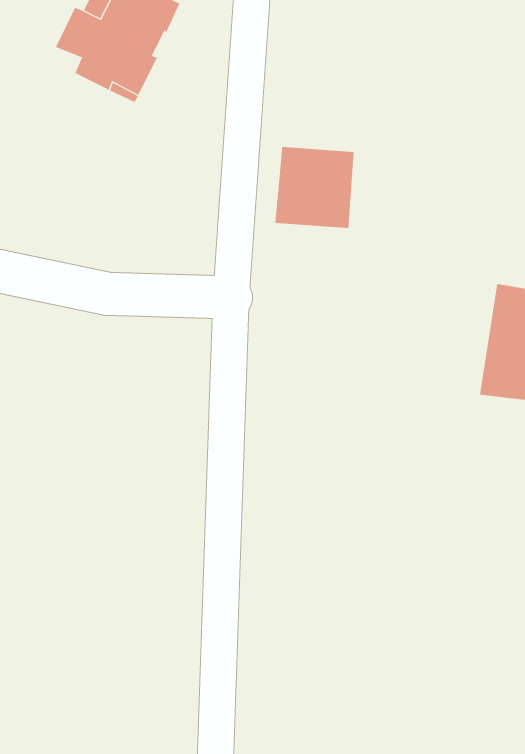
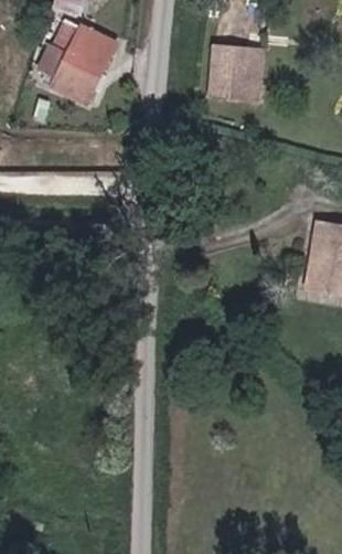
building: [274,147,354,228] -> [210,46,260,98]

